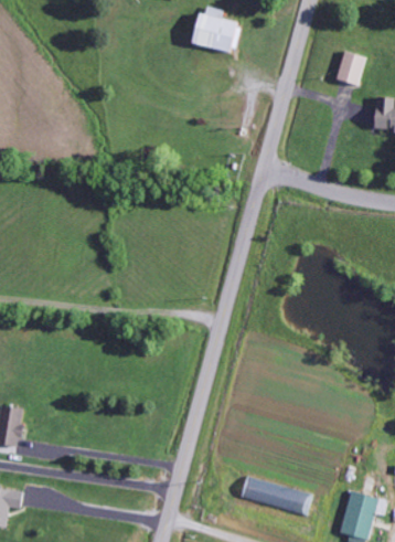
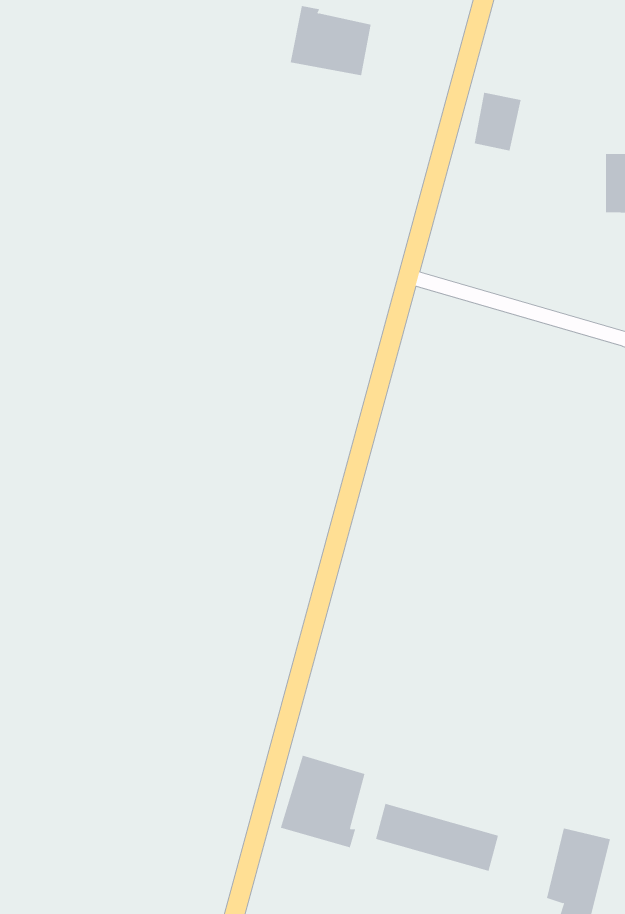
building: [337,51,364,85] -> [474,92,521,151]
building: none -> [280,755,365,848]

